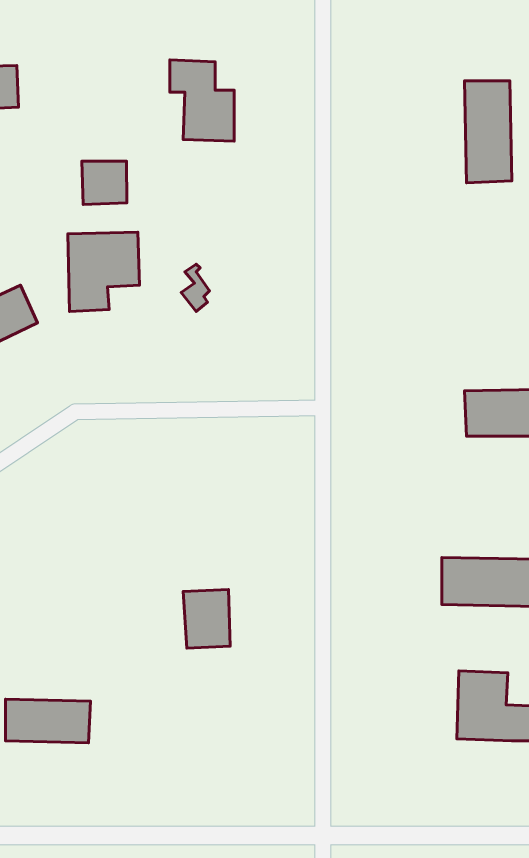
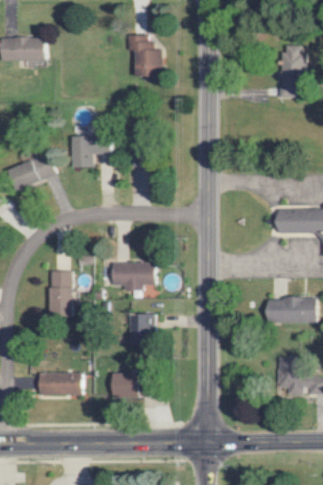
building: [82,161,127,204] -> none
building: none -> [110,263,155,291]
building: none -> [48,270,72,316]
building: none -> [114,373,152,397]

